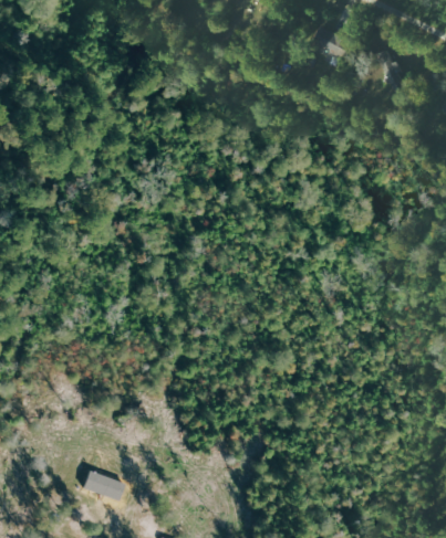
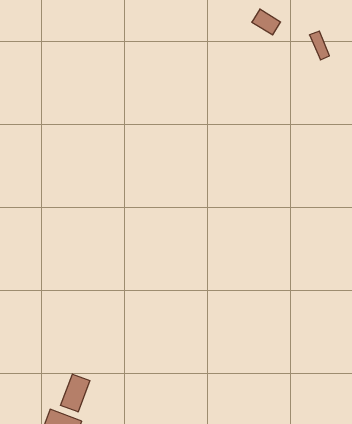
building: none -> [61,374,90,412]

